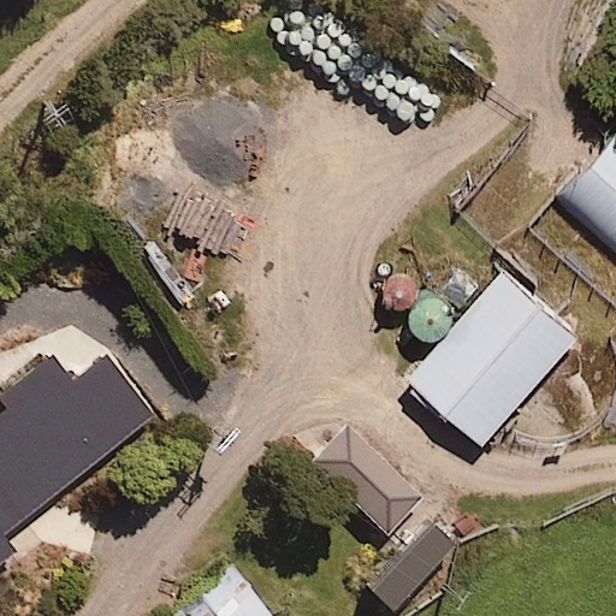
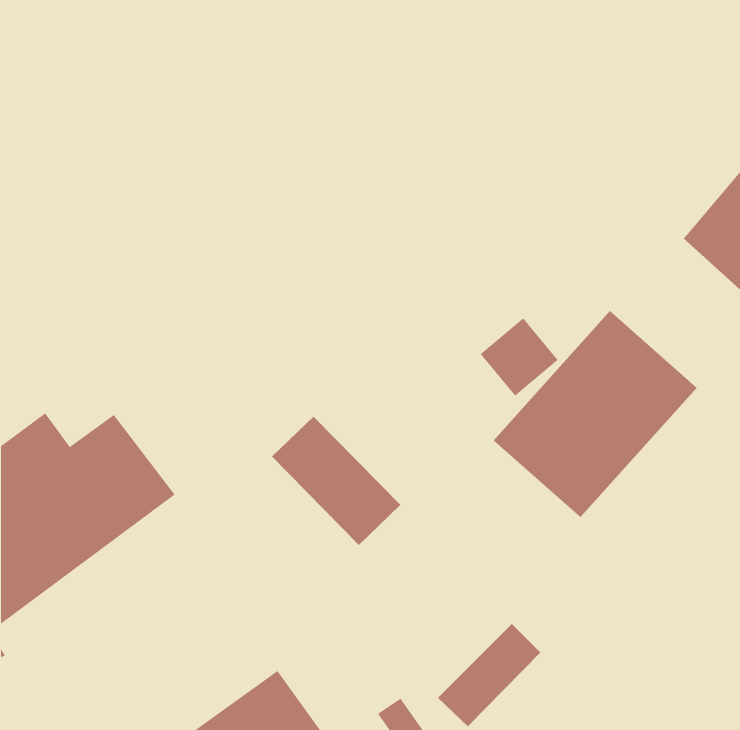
building: [313,432,420,539] -> [271,416,401,546]

